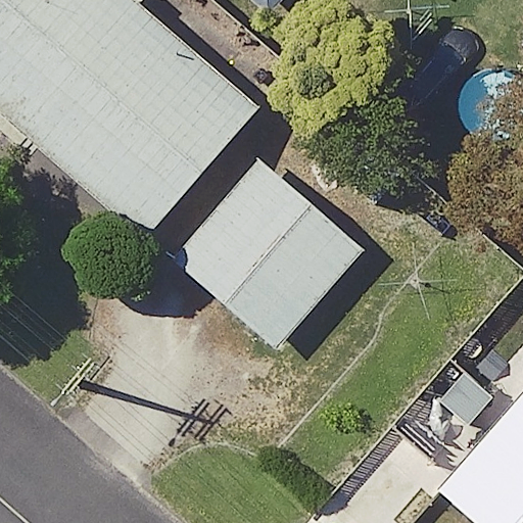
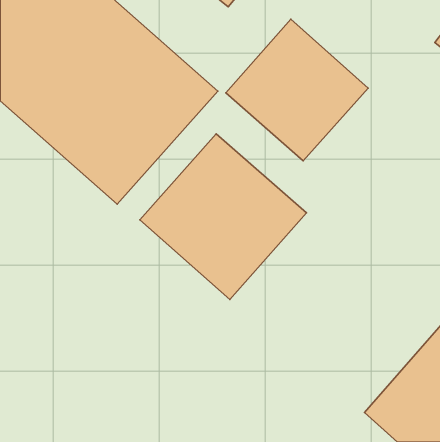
building: none -> [226,19,368,161]

